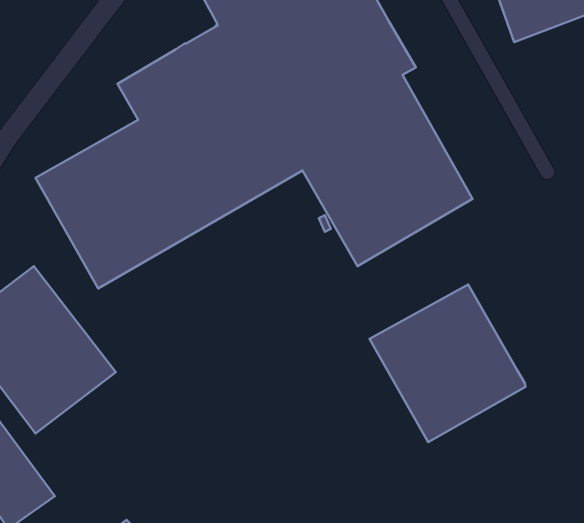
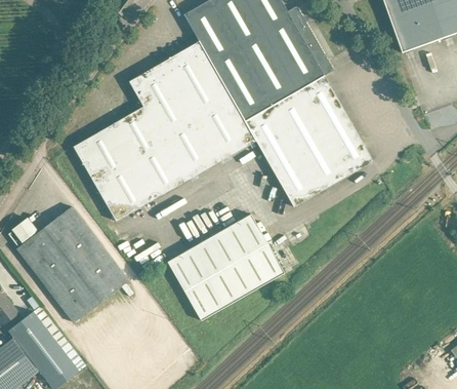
building: none -> [168,213,285,320]
building: [369,285,525,442] -> none

